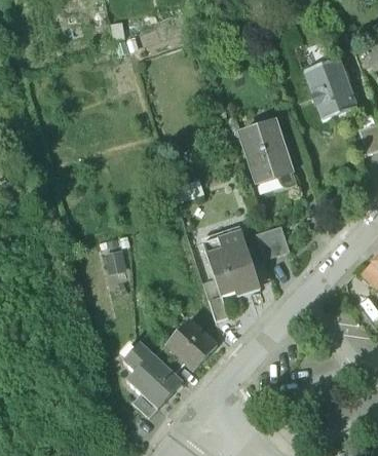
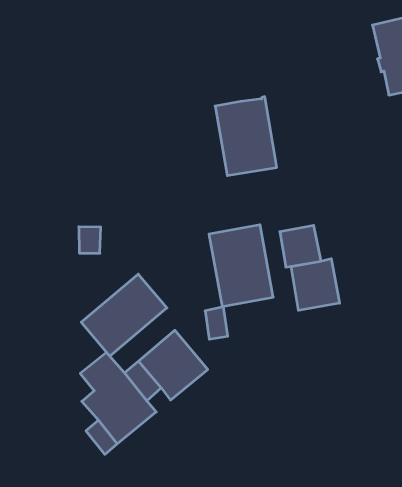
building: [239,119,292,182] -> [215,97,277,176]
building: none -> [291,259,340,310]
building: none -> [81,274,167,356]

